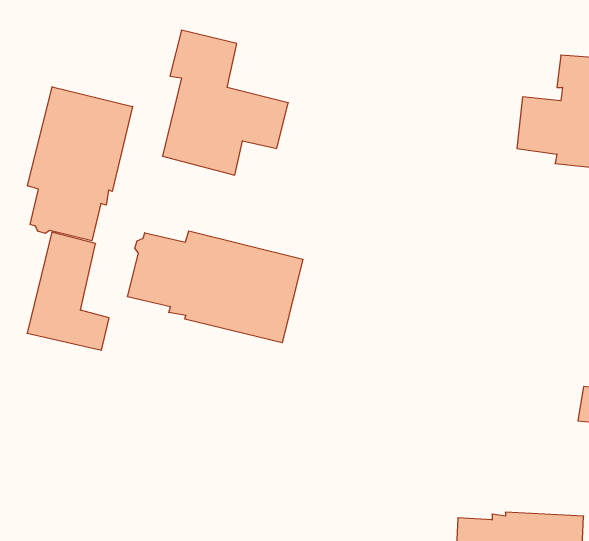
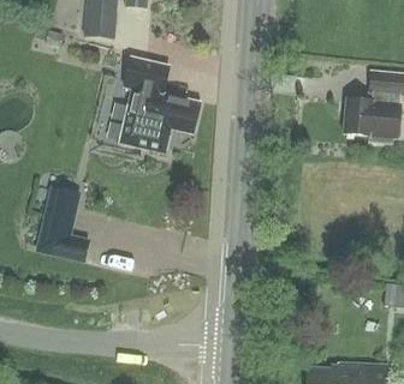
building: [28,87,133,241] -> none
building: [128,231,303,343] -> none

